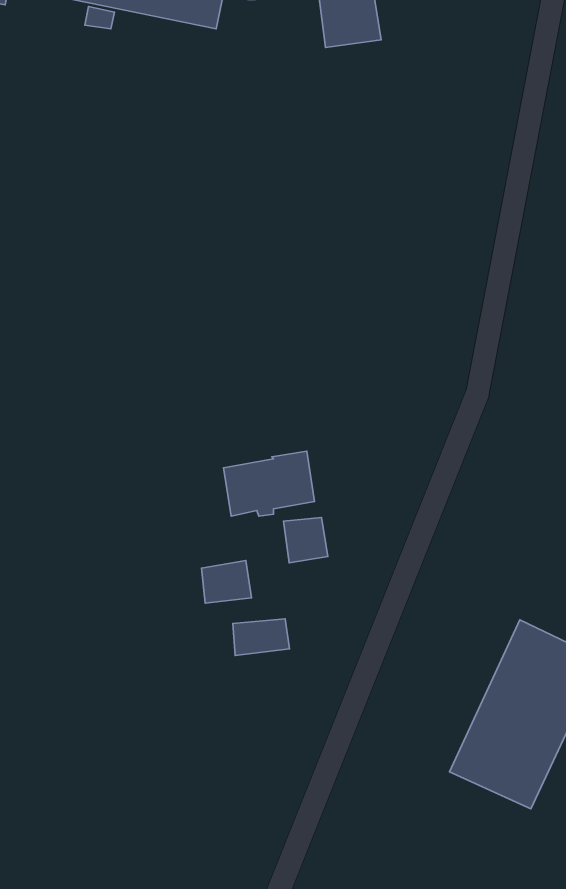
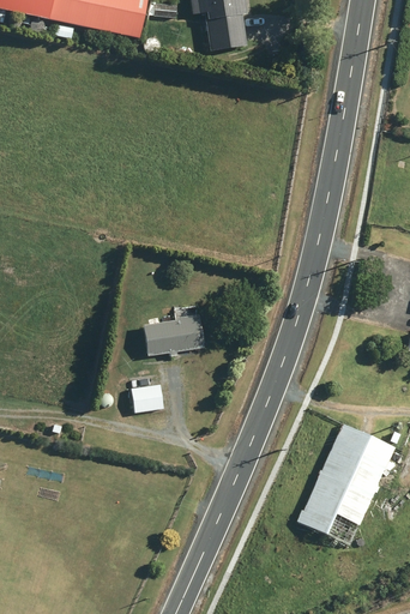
building: [284,518,328,563] -> none
building: [233,619,289,655] -> none

